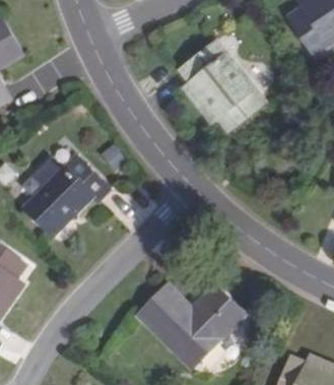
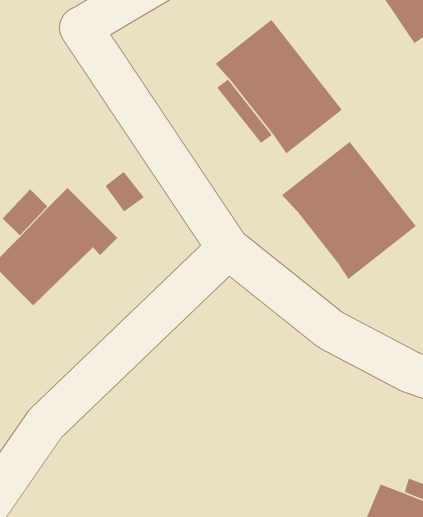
building: none -> [281,141,417,280]
building: [139,285,244,368] -> none

